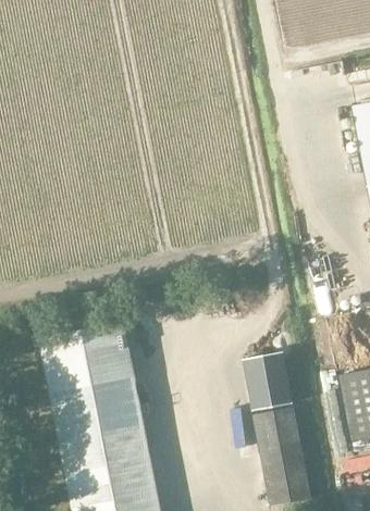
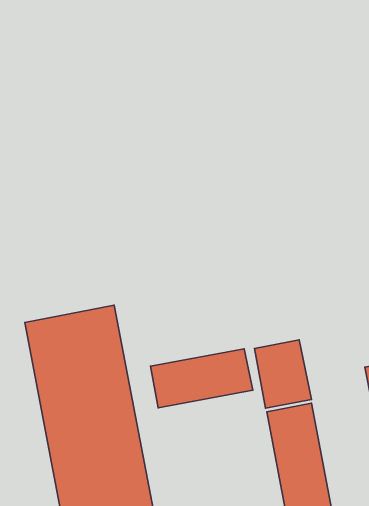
building: none -> [151,349,253,408]

